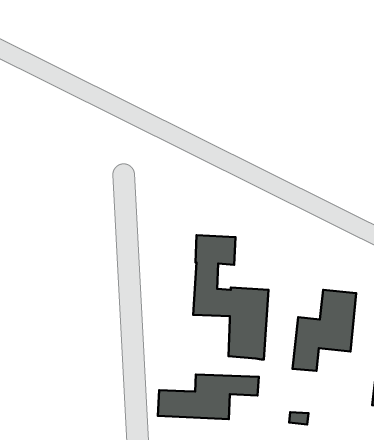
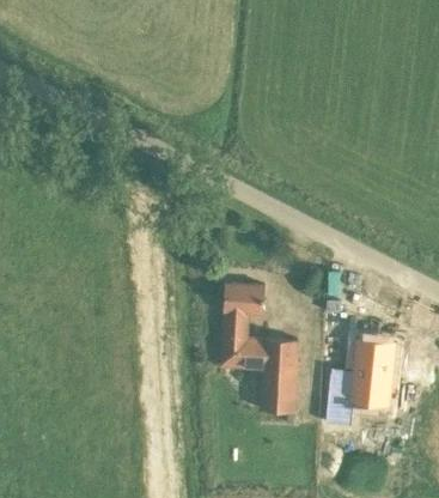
building: [158,375,259,419] -> none

